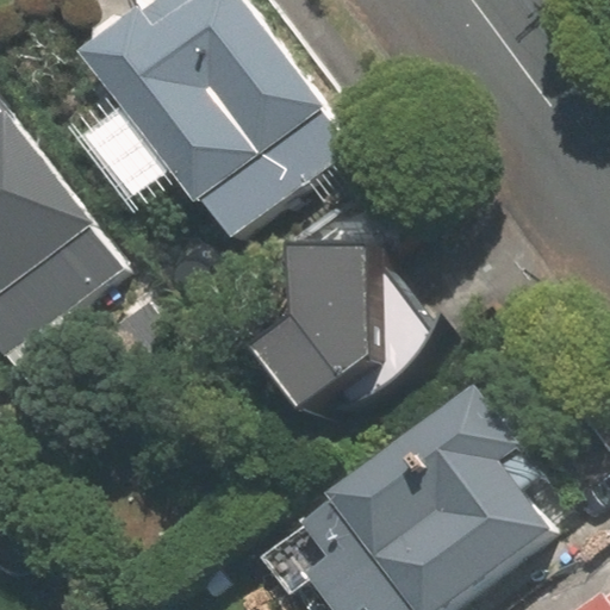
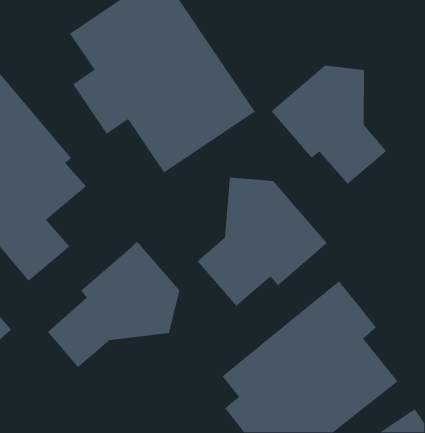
building: none -> [271,65,387,185]
building: none -> [47,241,180,368]

